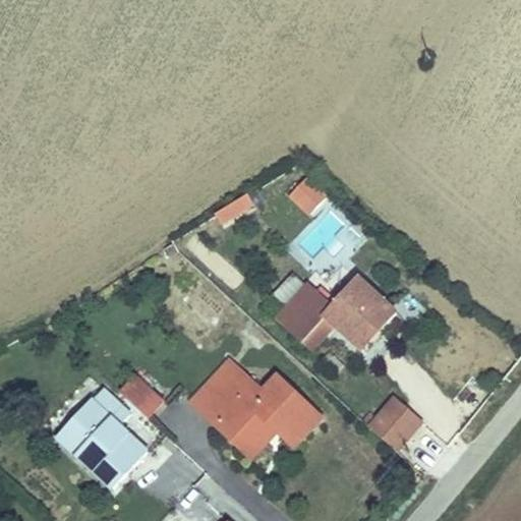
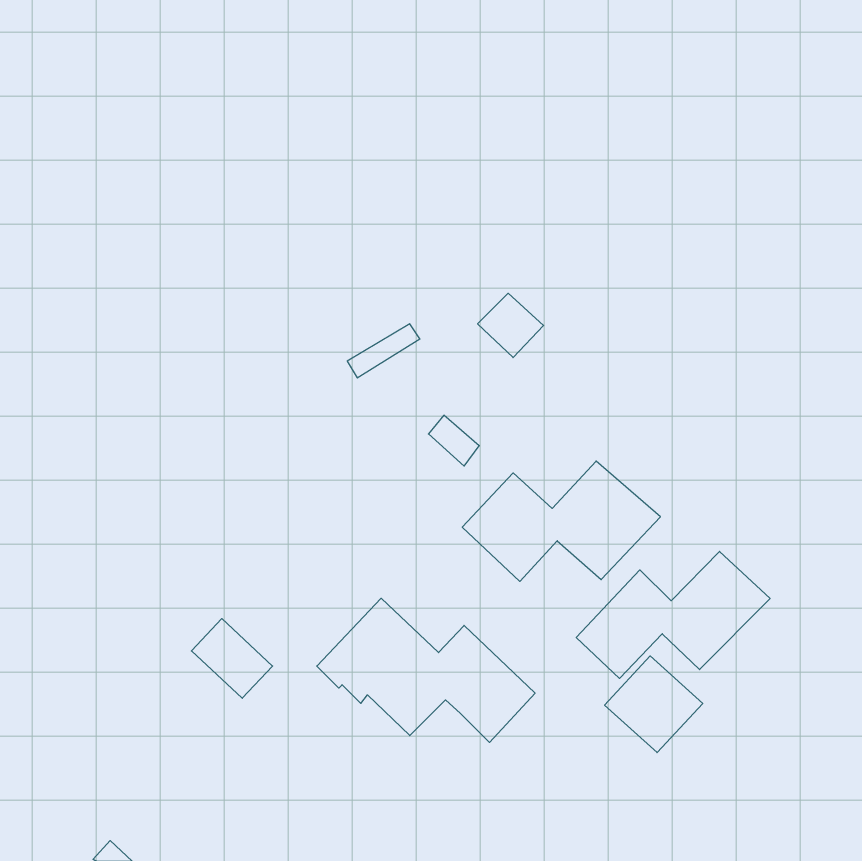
building: none -> [576,551,770,678]
building: [48,387,159,488] -> none
building: [216,417,277,457] -> none

